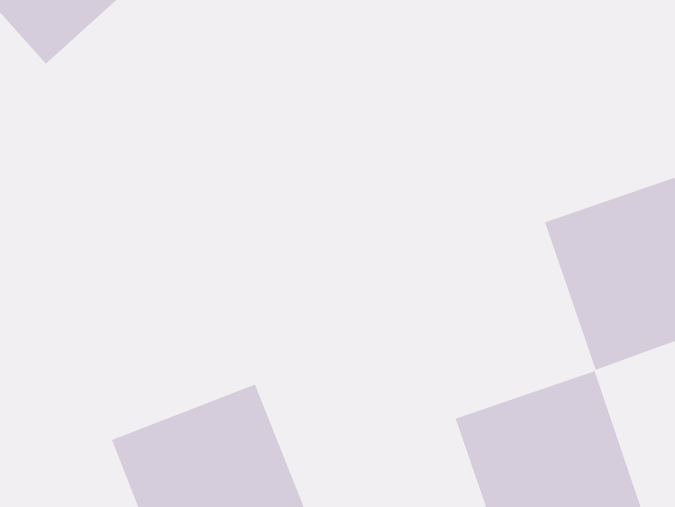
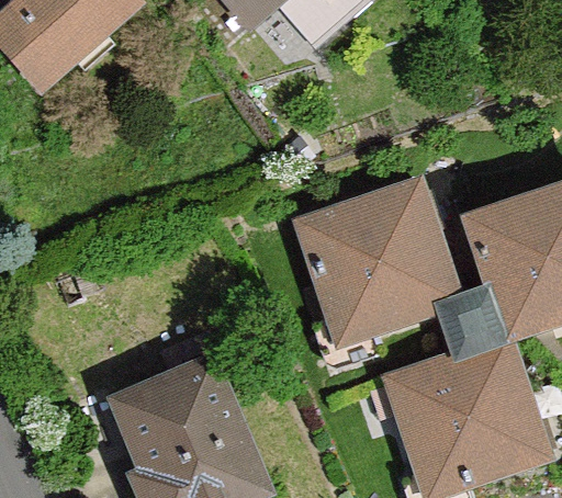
building: none -> [299,179,467,346]

